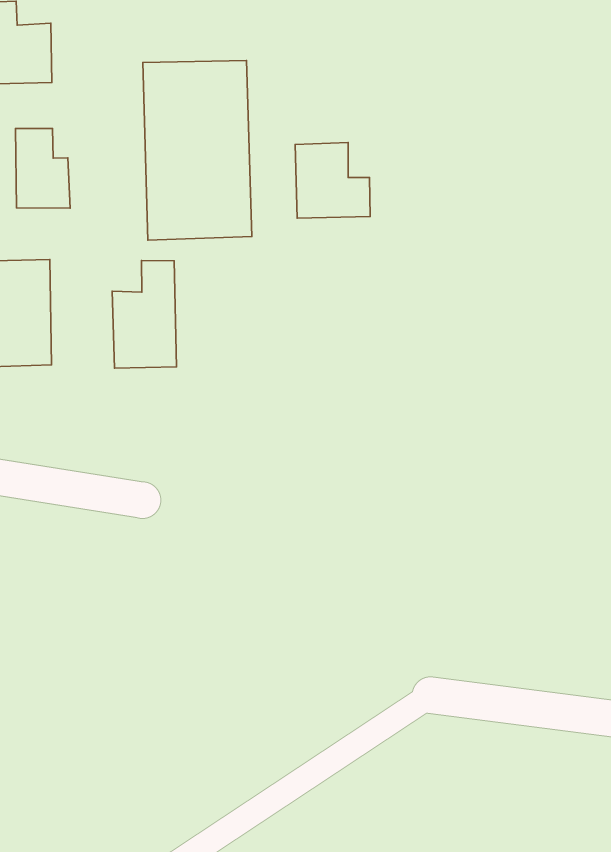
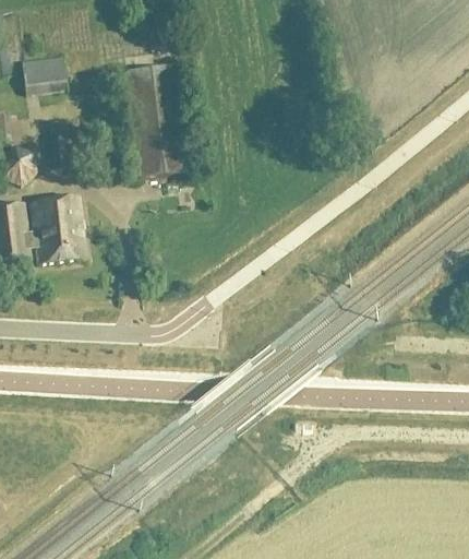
building: [295,142,370,218] -> none
building: [112,261,176,368] -> none

